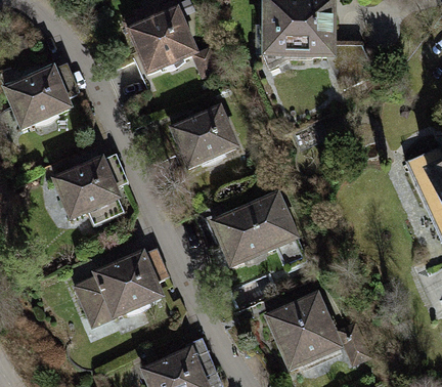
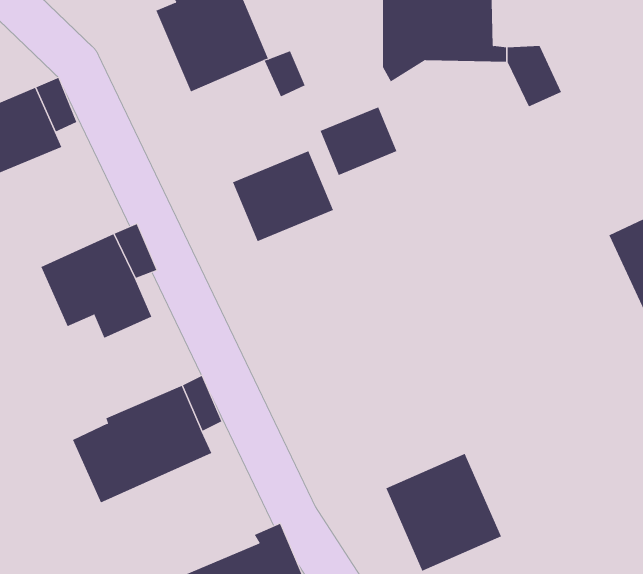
building: none -> [320,106,397,176]
building: [213,195,305,270] -> none

